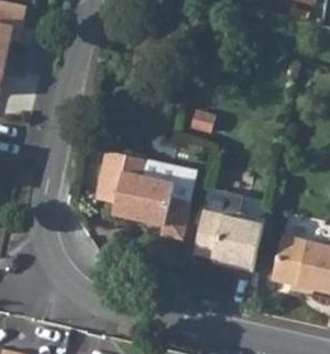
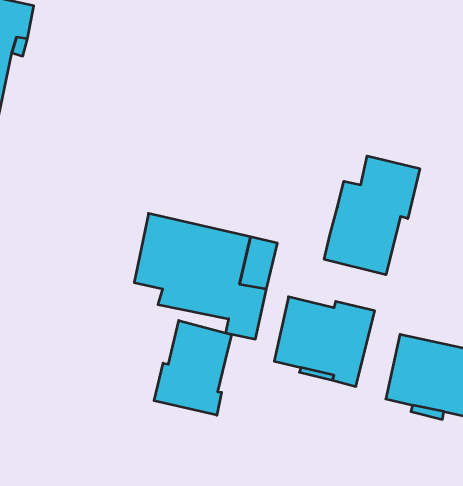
building: none -> [324,156,420,275]
building: none -> [154,320,231,415]

